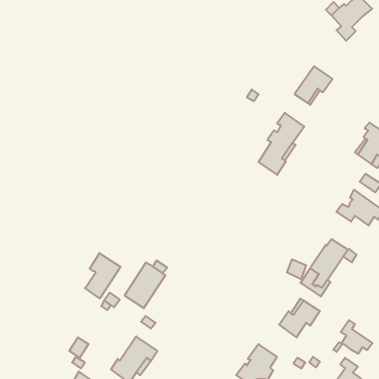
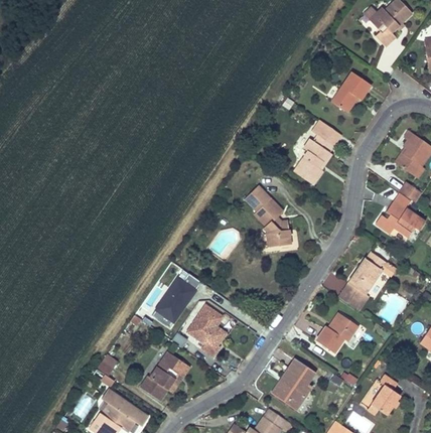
building: none -> [245,186,291,247]
building: [85,253,120,298] -> none
building: none -> [186,306,226,357]
building: [341,320,372,354] -> none

